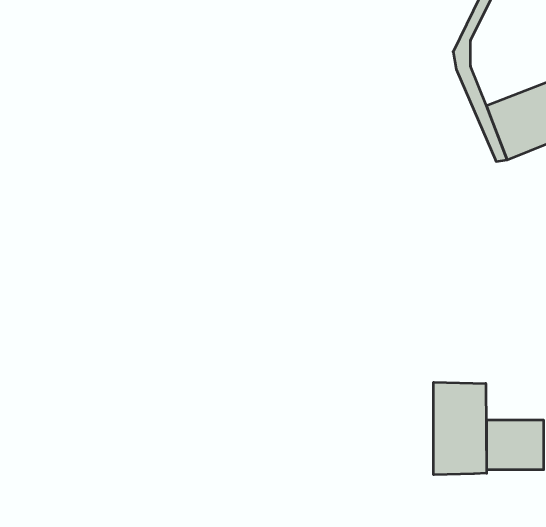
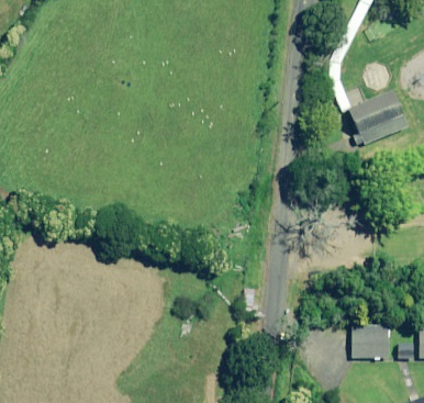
building: [434,382,487,475] -> none

